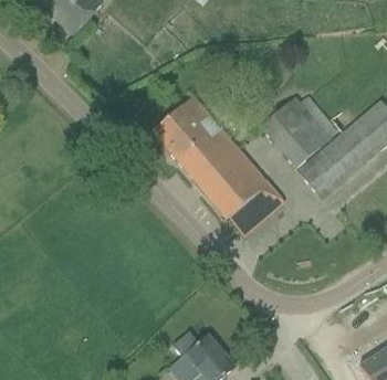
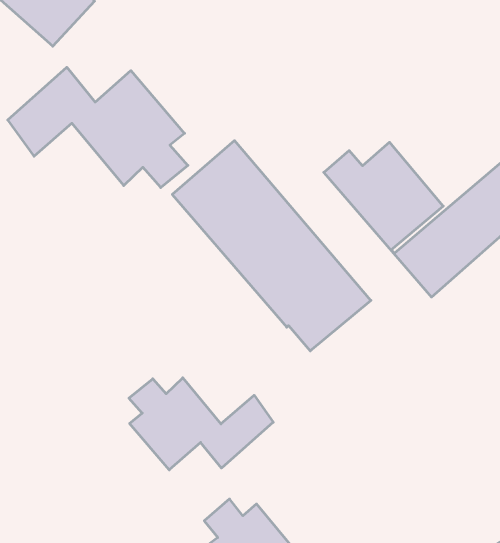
building: none -> [8,67,188,188]
building: none -> [129,378,273,470]

